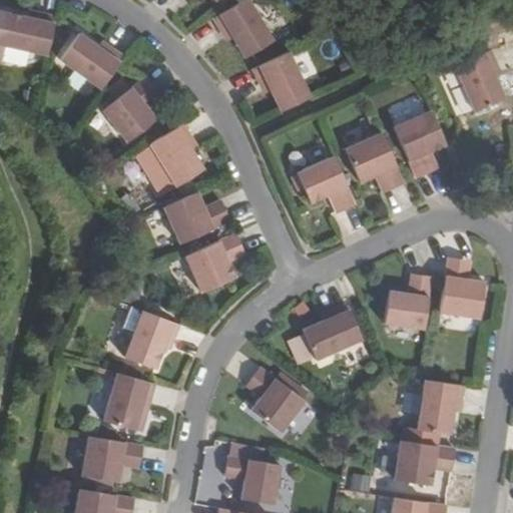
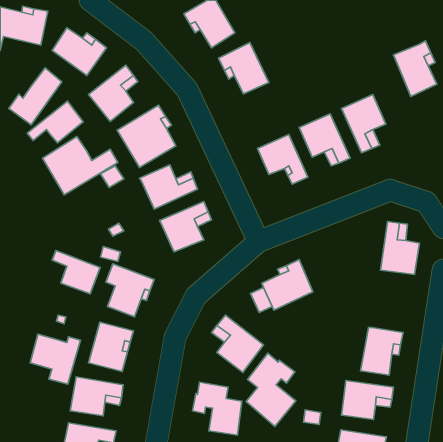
building: none -> [9,68,62,125]
building: none -> [27,101,83,143]
building: none -> [43,136,118,195]
building: [384,274,431,329] -> none
building: none -> [52,251,100,294]
building: none -> [30,334,80,384]
building: none -> [246,353,296,426]

